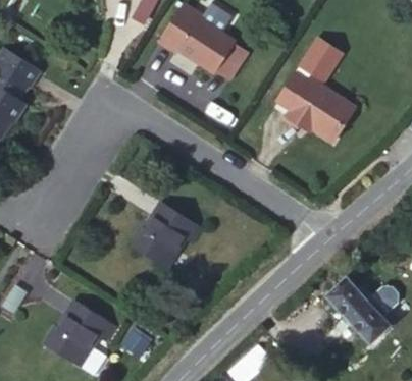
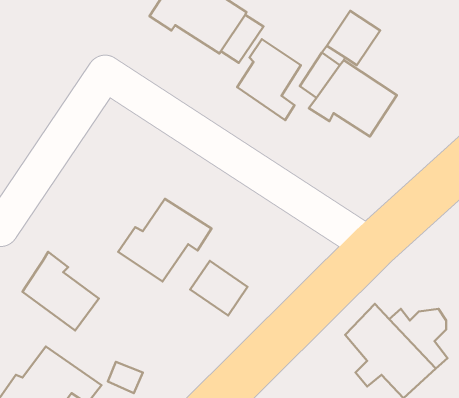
building: none -> [237,39,301,120]
building: none -> [23,252,99,331]
building: none -> [190,261,248,315]

